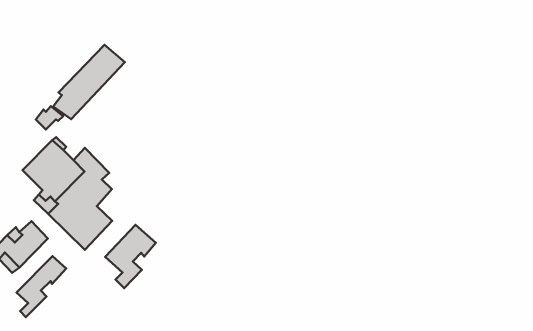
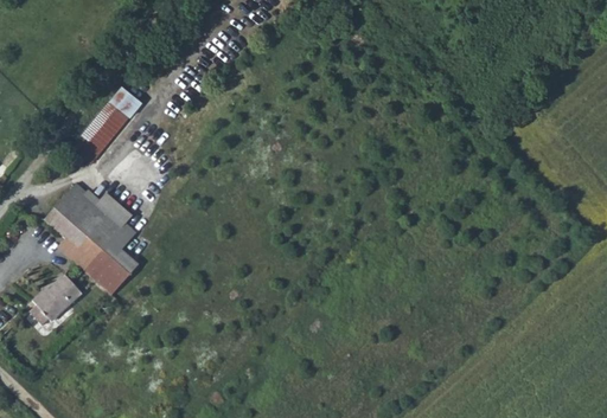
building: [105,225,156,288] -> none
building: [17,256,66,317] -> none

